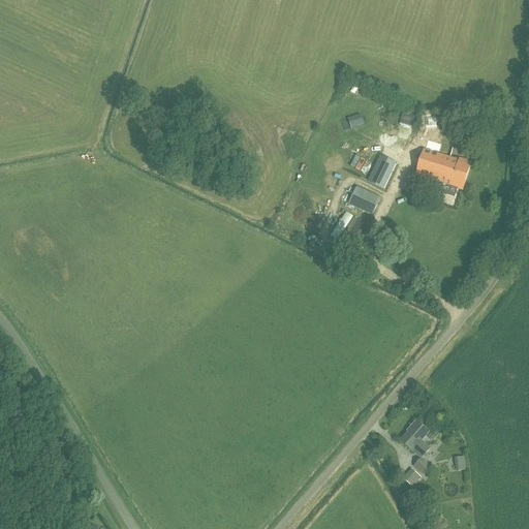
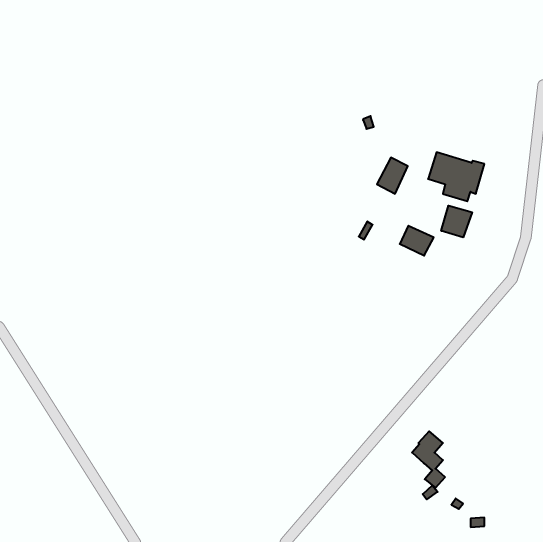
building: [347,185,380,214] -> [400,226,434,256]
building: none -> [441,206,472,237]

